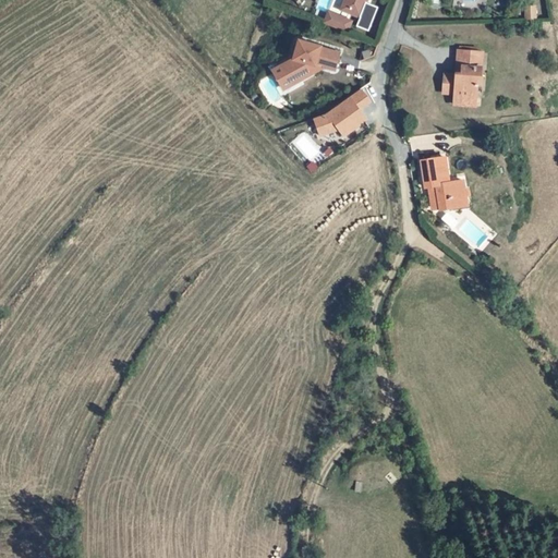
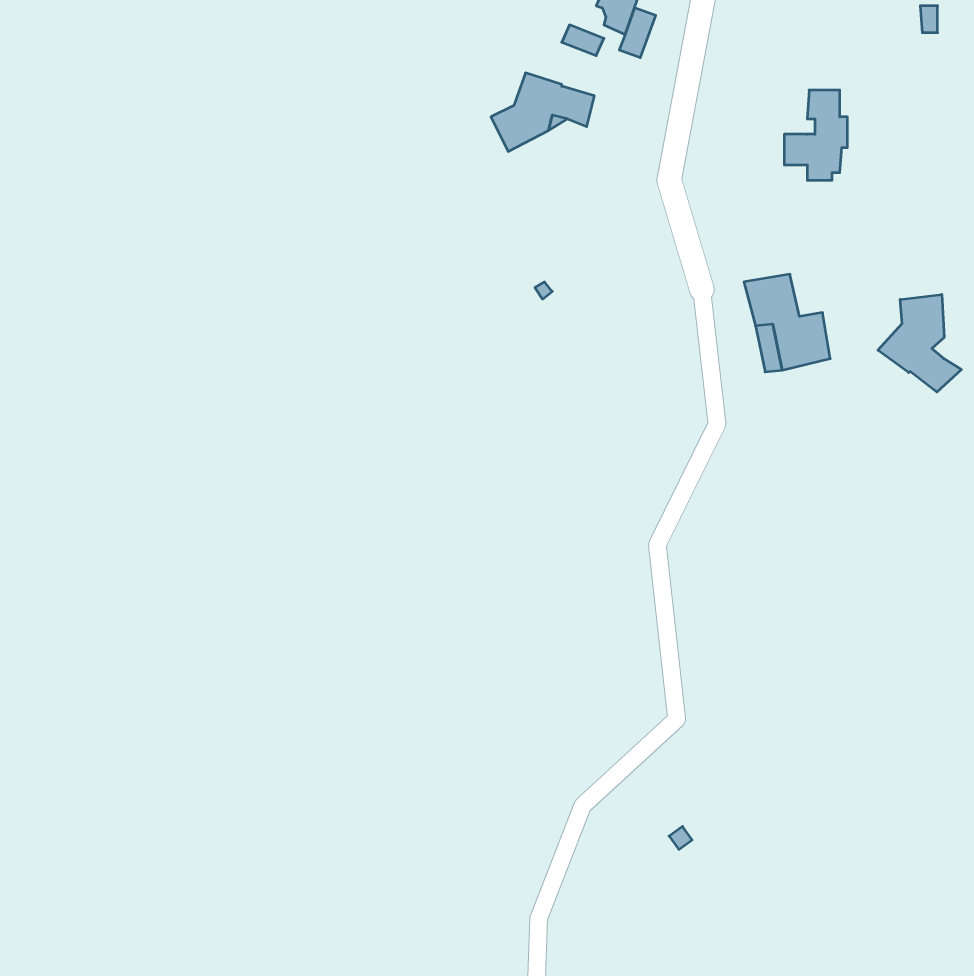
building: [311,87,367,134] -> none
building: none -> [878,294,961,392]

